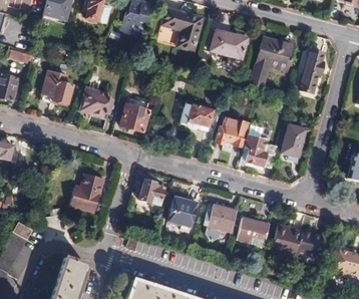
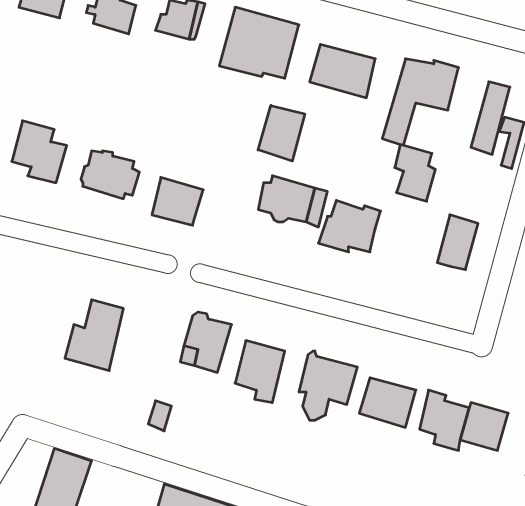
building: none -> [258,105,305,161]
building: [245,132,268,165] -> [395,145,435,201]

